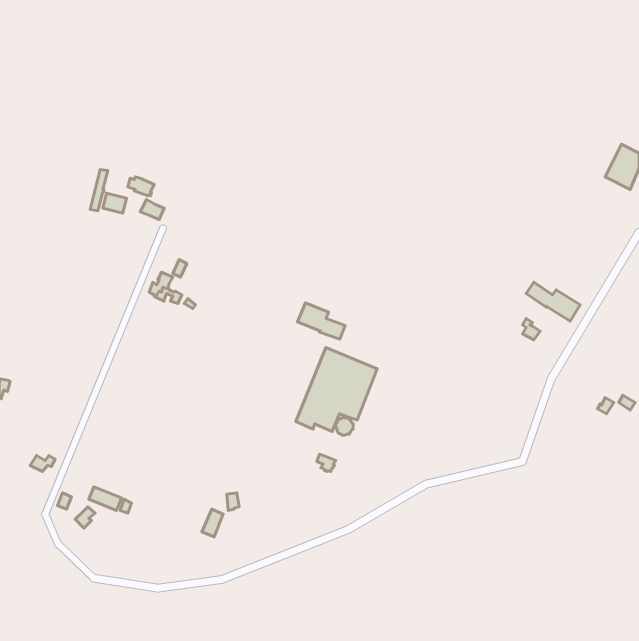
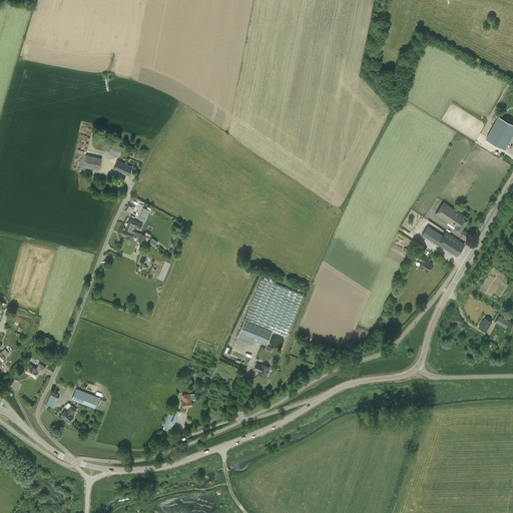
building: none -> [434,201,468,231]
building: [297,303,345,339] -> none

